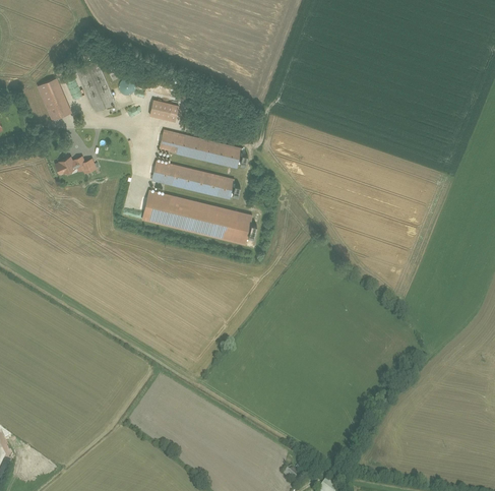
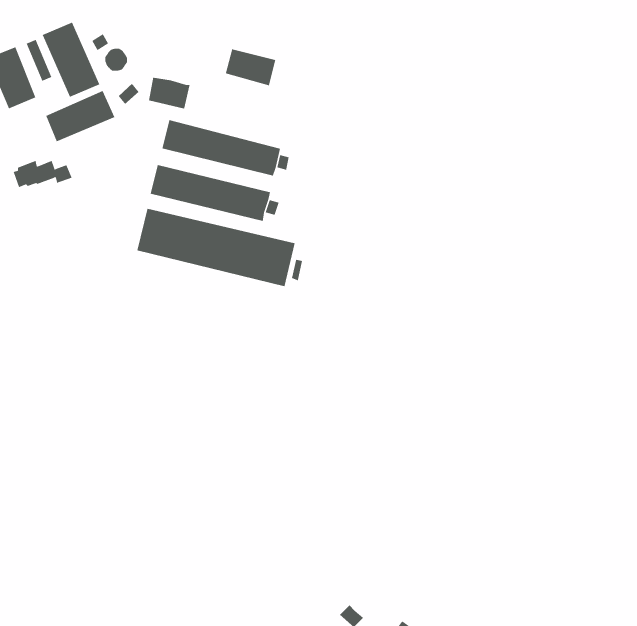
building: none -> [225,49,276,86]
building: none -> [45,90,115,142]

